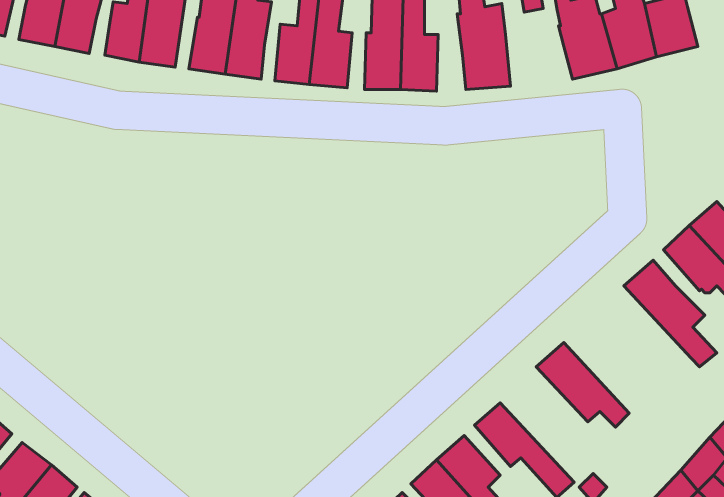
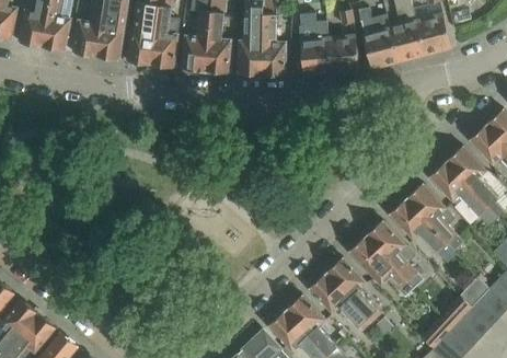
building: none -> [329,36,358,72]
building: none -> [389,199,447,253]
building: none -> [366,220,416,280]
building: none -> [325,257,381,324]

